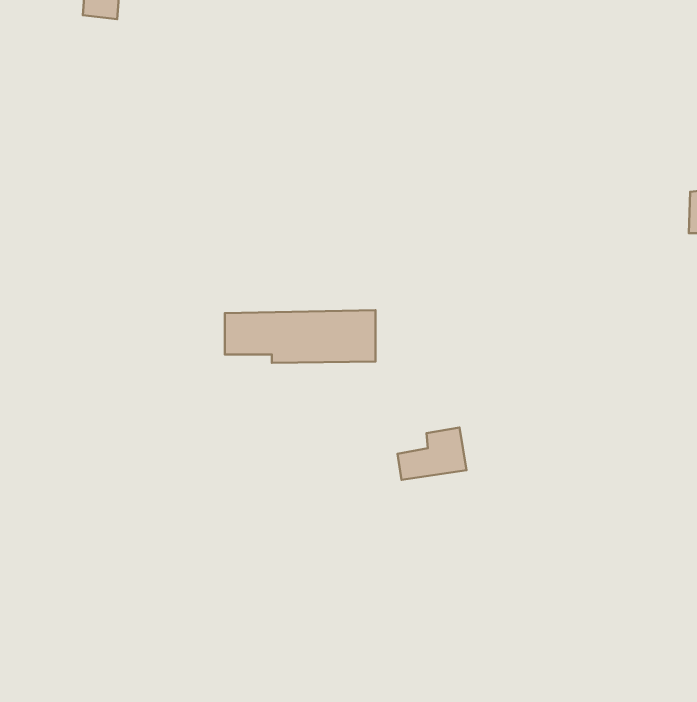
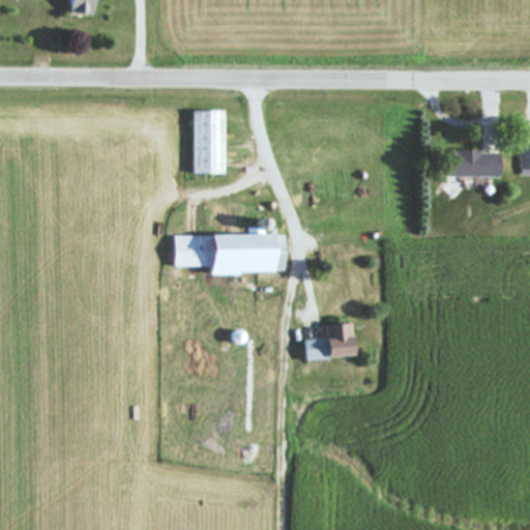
building: none -> [194,110,226,173]
building: none -> [449,150,501,177]

